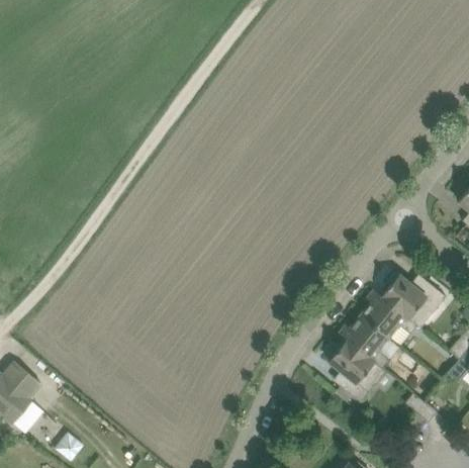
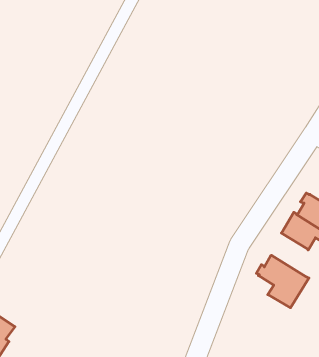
building: [343,314,390,368] -> none

